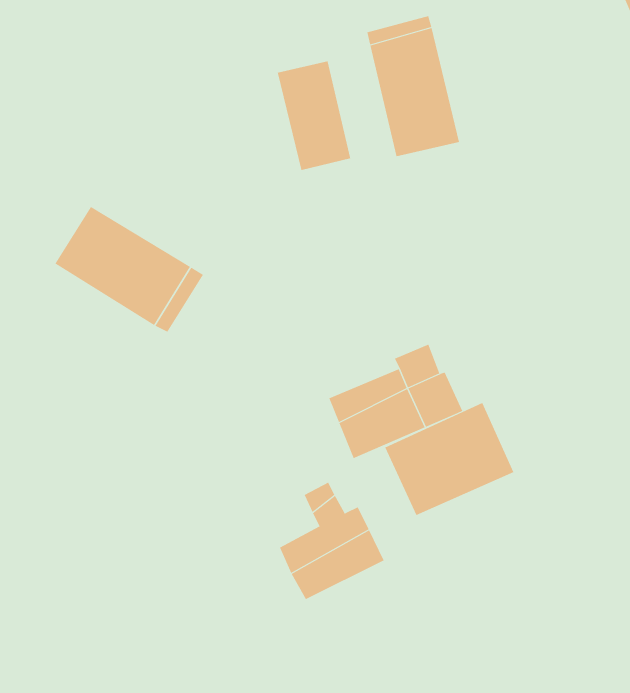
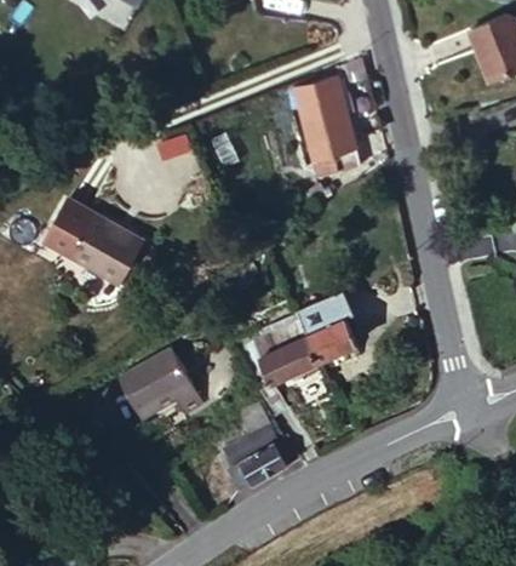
building: [277,60,351,171] -> none
building: none -> [122,337,197,411]
building: [384,402,514,516] -> none

